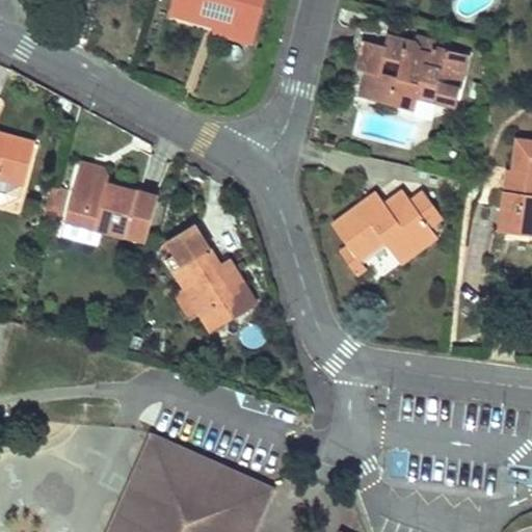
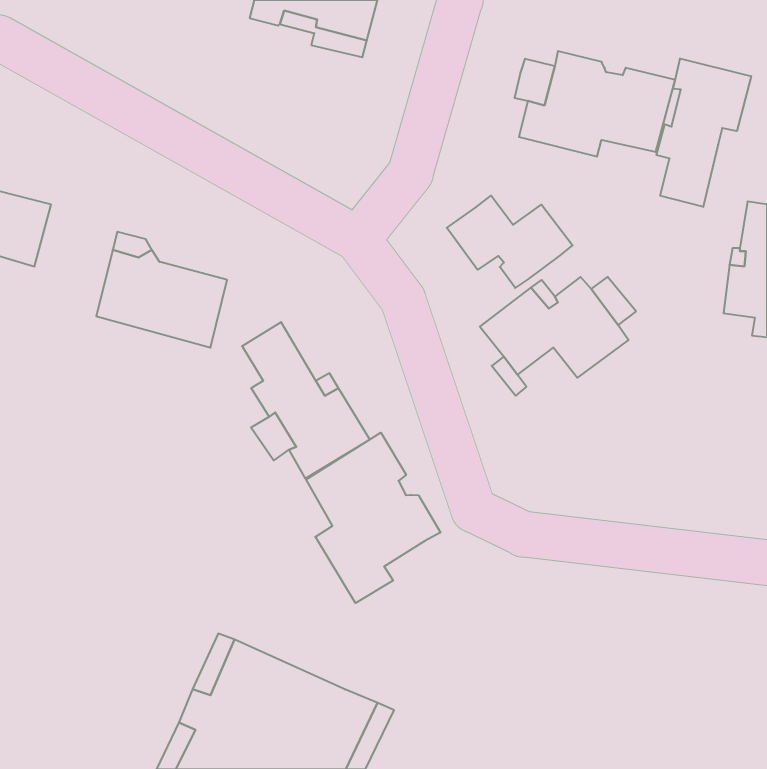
building: none -> [656,58,751,207]
building: none -> [447,196,573,288]
building: none -> [306,433,440,603]

